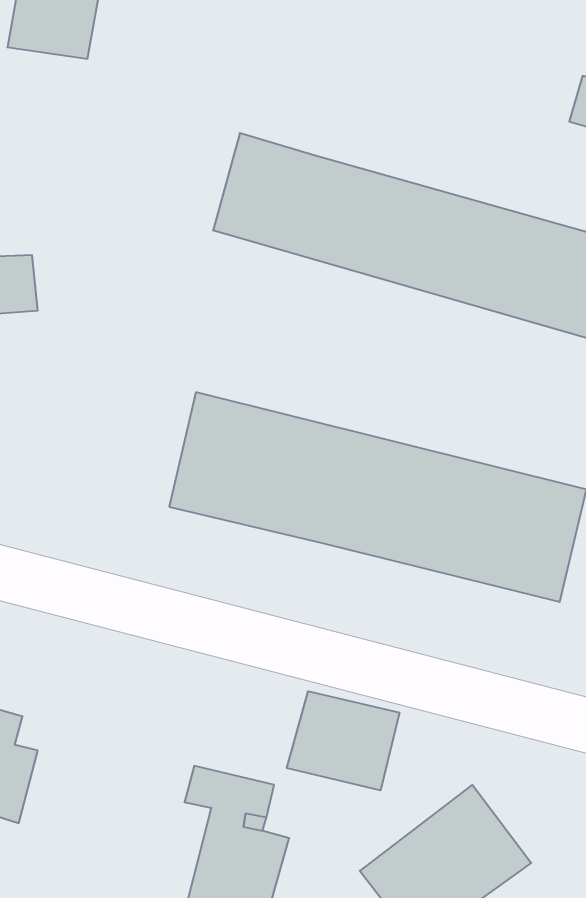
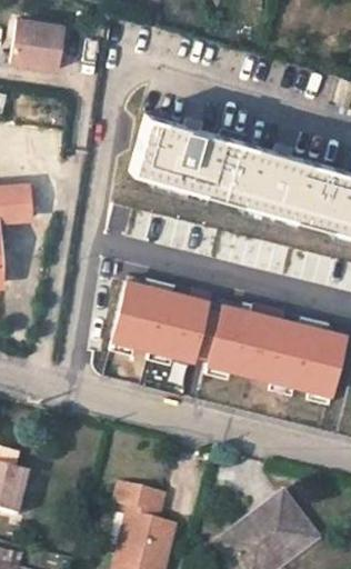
building: [287,691,399,790] -> none

